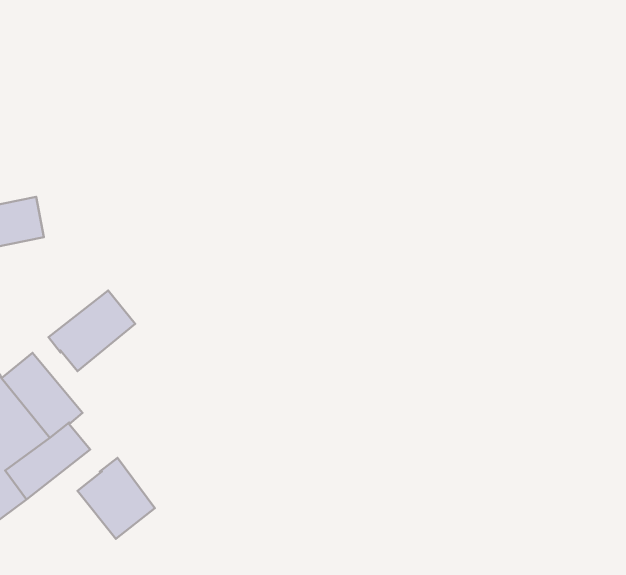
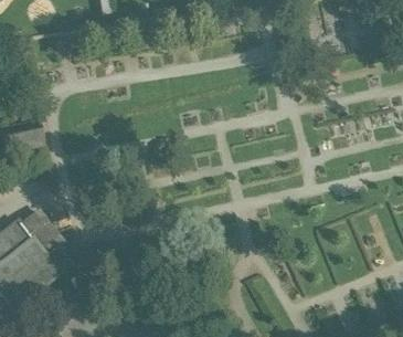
building: [49,291,135,371] -> none
building: [77,458,155,539] -> none

